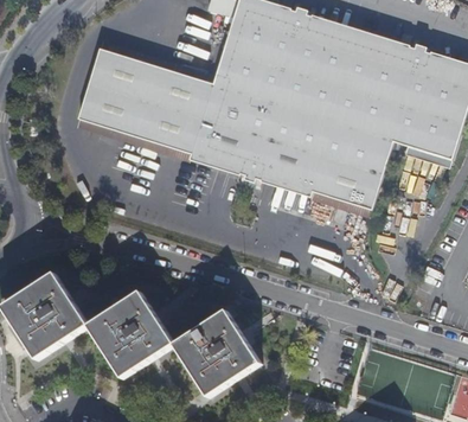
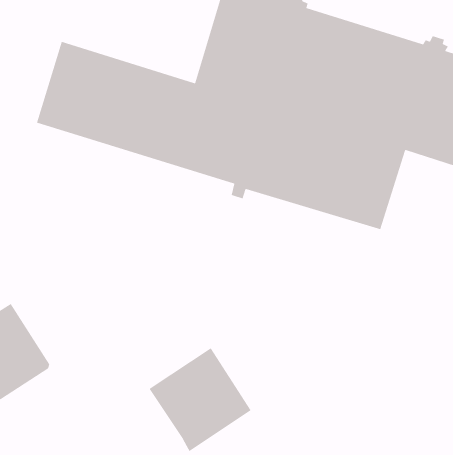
building: [88,290,174,379] -> none

